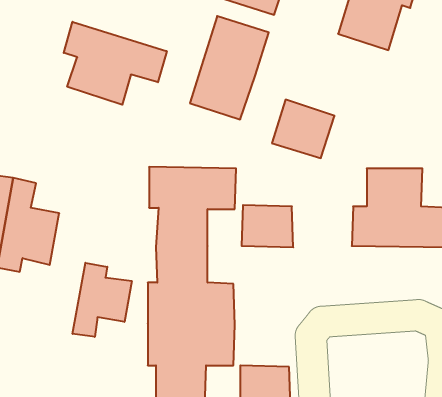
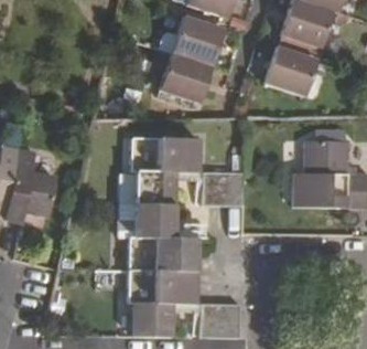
building: [64,22,167,105] -> none
building: [272,100,335,158] -> [266,47,316,95]
building: [73,263,132,337] -> none

